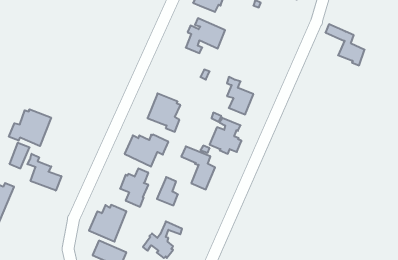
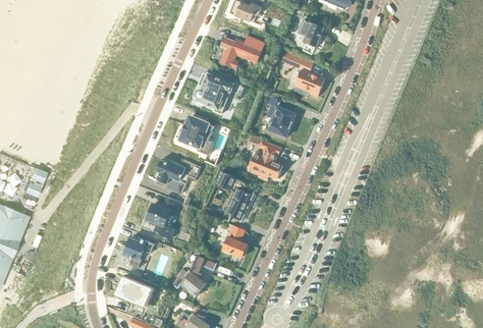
building: none -> [298,16,324,49]
building: [325,24,365,65] -> [280,51,324,97]
building: none -> [196,73,233,114]
building: [9,109,51,146] -> none
building: [27,154,61,191] -> none
building: [157,177,178,205] -> [223,225,247,257]

